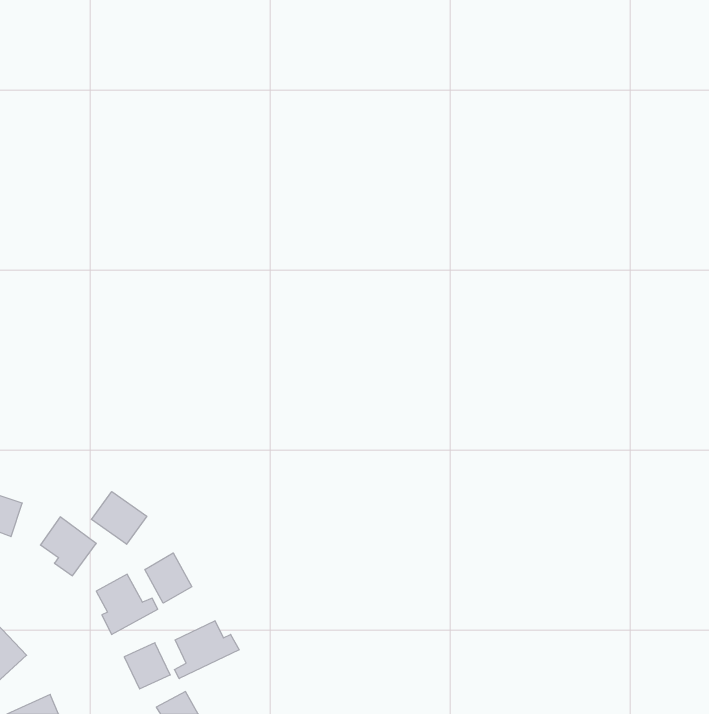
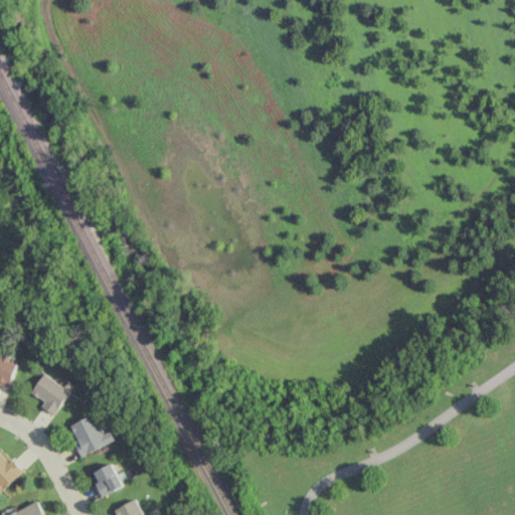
building: [91,492,147,544] -> none
building: [145,553,192,603] -> none
building: [174,621,239,679] -> none

